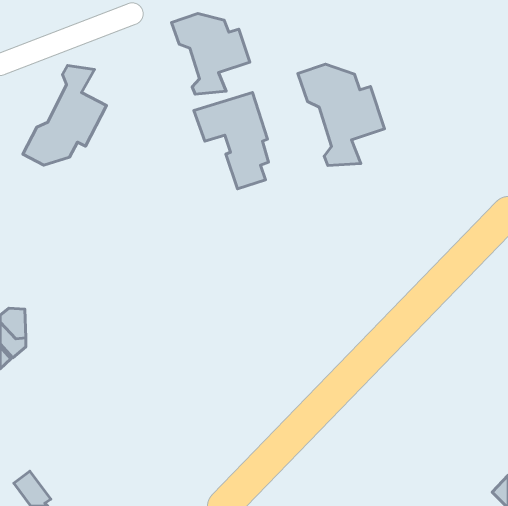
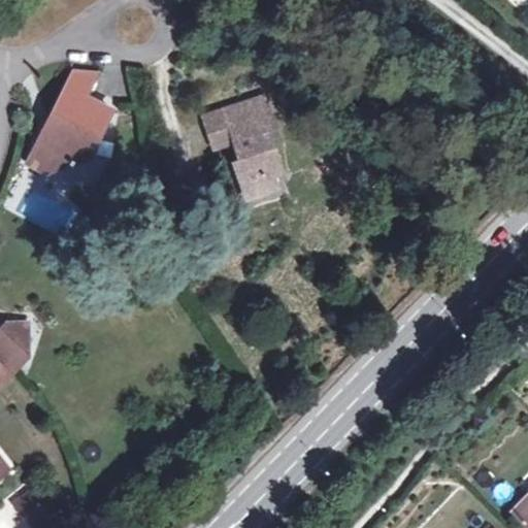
building: [172,14,250,94] -> none
building: [298,64,384,165] -> none

